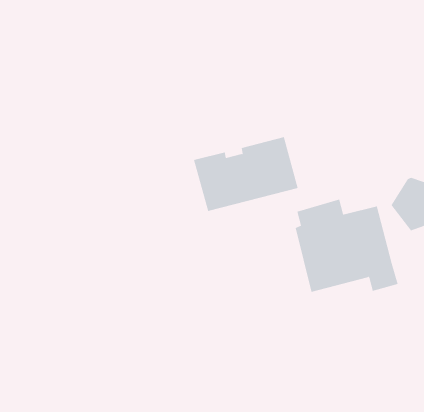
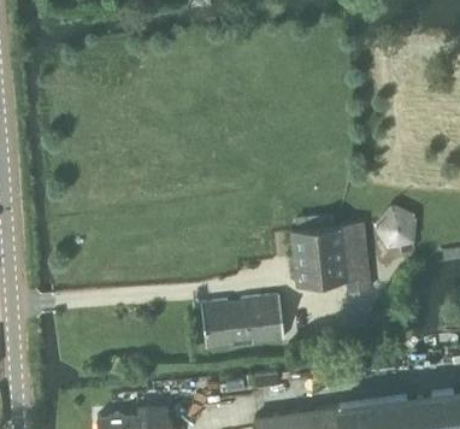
building: [193,137,298,212] -> [201,296,284,348]

